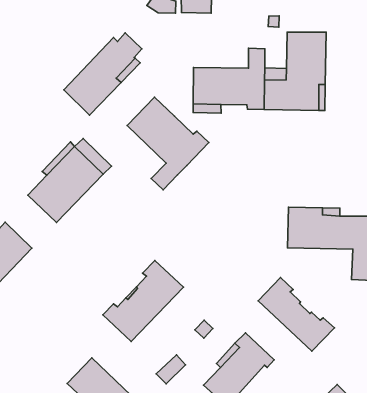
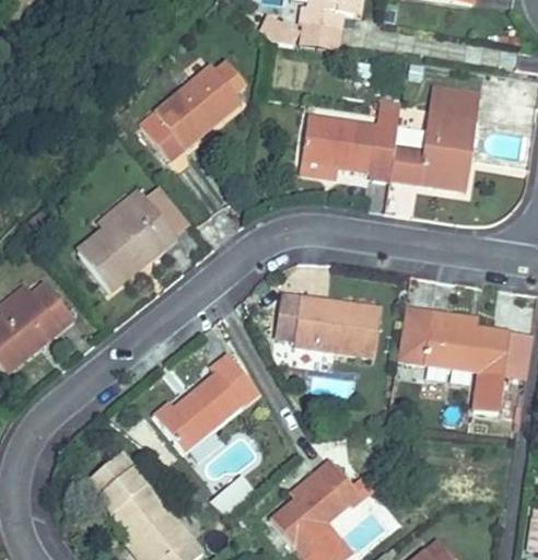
building: [127,97,209,190] -> none
building: none -> [276,294,382,355]
building: [258,277,334,351] -> none

